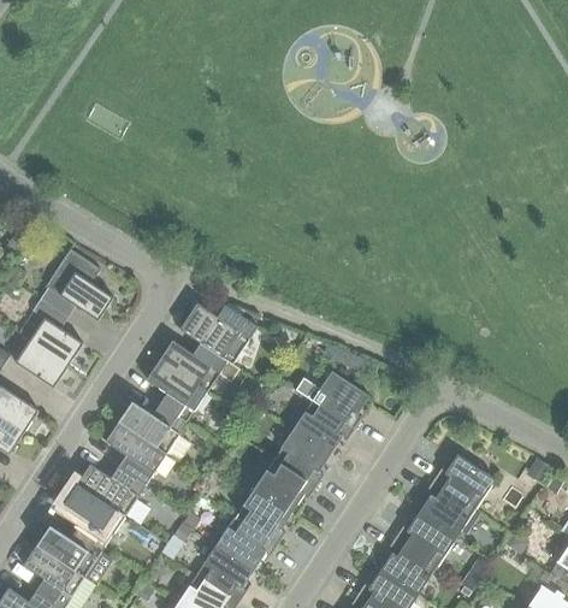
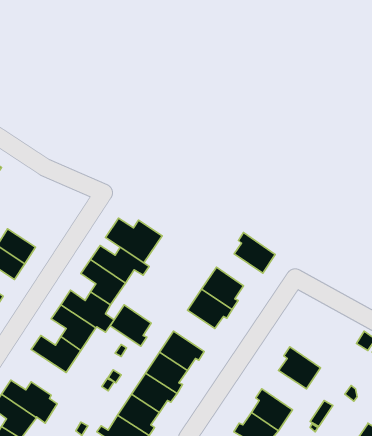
building: [41,248,112,320] -> none
building: none -> [234,232,275,273]
building: [272,430,329,486] -> [110,305,151,346]
building: [432,454,493,509] -> none
building: [63,484,124,547] -> none
building: [394,513,455,567] -> none

